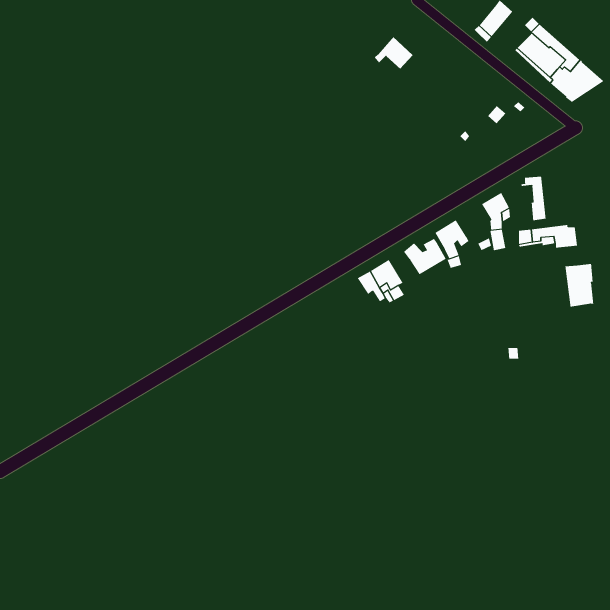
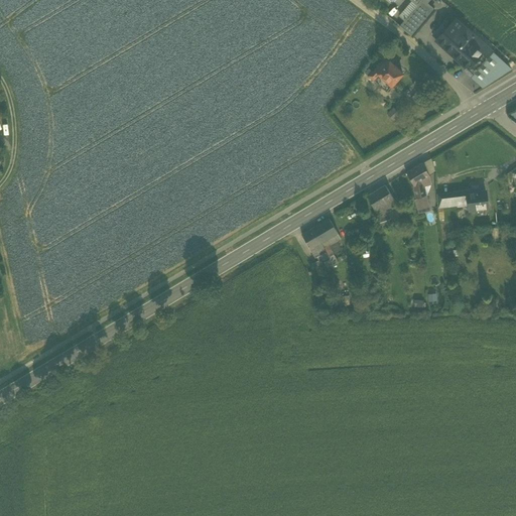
building: [374,36,413,70] -> [369,57,402,86]
building: [518,176,546,221] -> none
building: [403,238,446,275] -> none
building: [565,263,594,308] -> none

